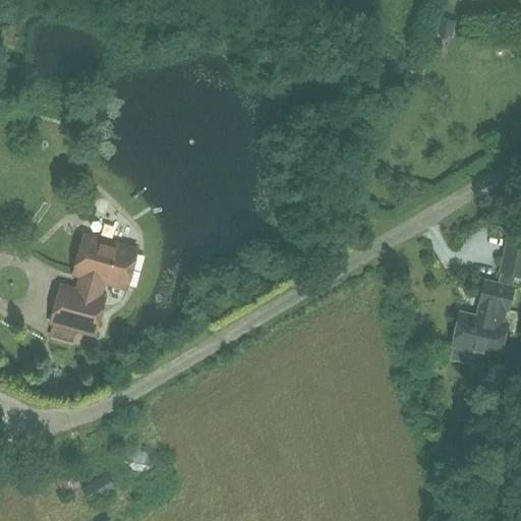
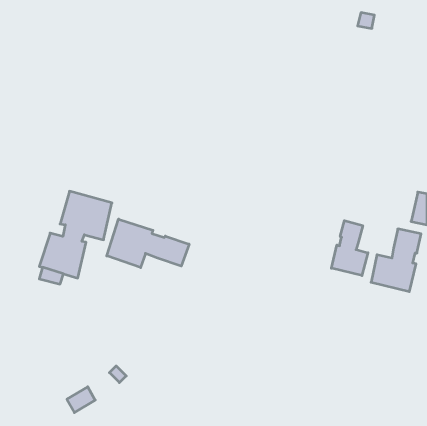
building: none -> [107,219,189,268]
building: none -> [331,221,368,276]

